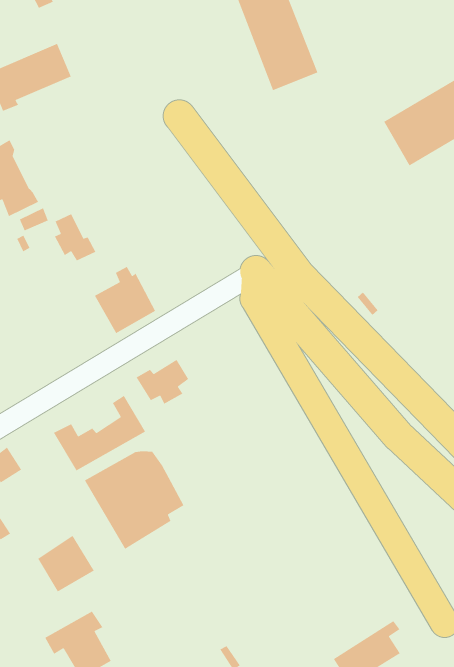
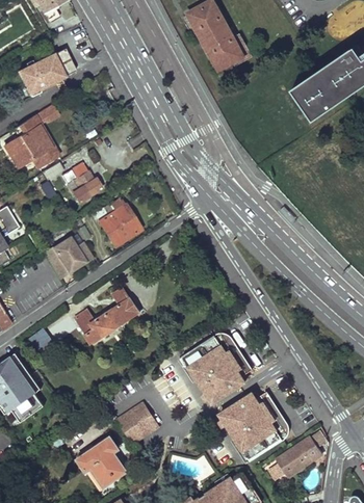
building: none -> [56,239,93,273]
building: [135,359,189,405] -> none
building: [84,450,184,550] -> [184,337,255,406]
building: [37,535,95,593] -> [119,404,159,445]
building: none -> [223,395,292,465]

